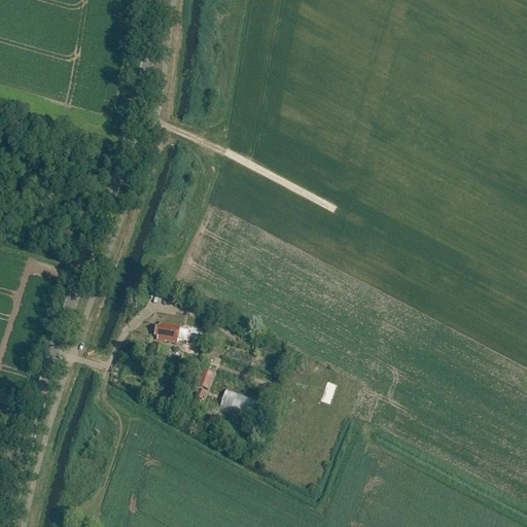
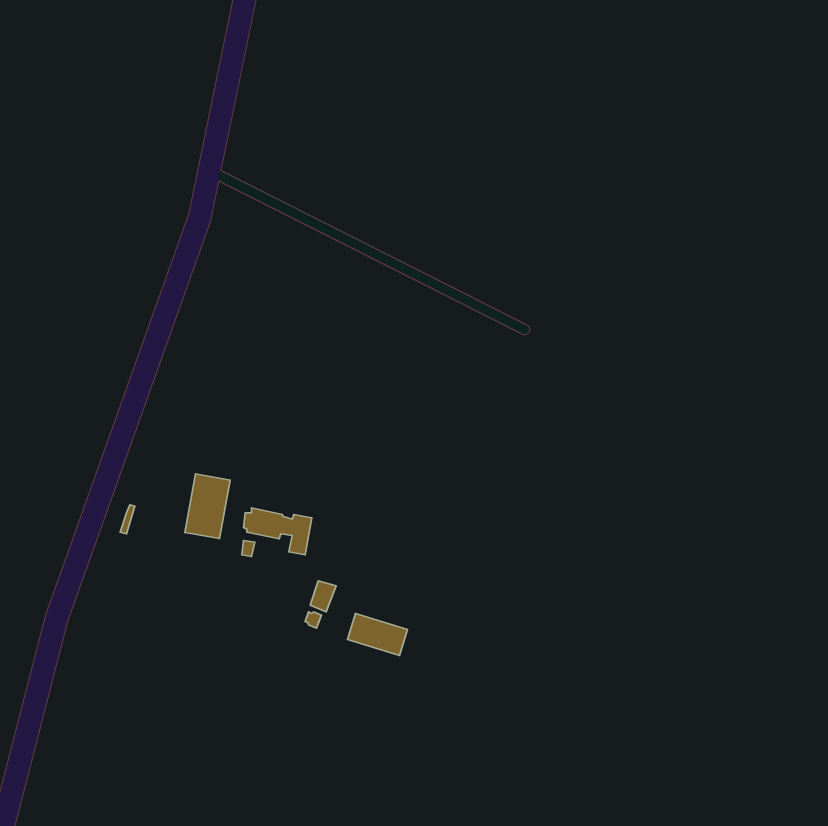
building: none -> [185,474,230,539]

